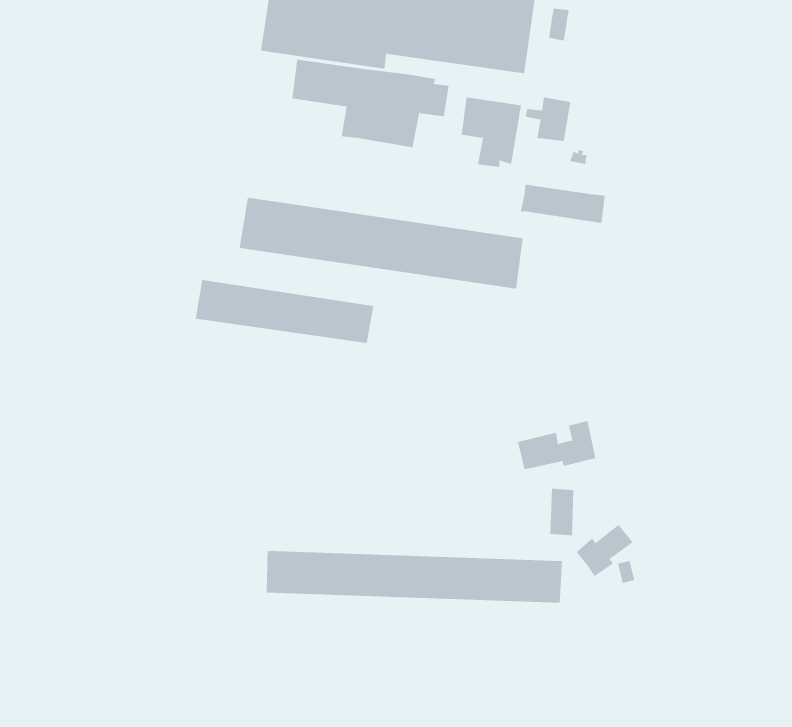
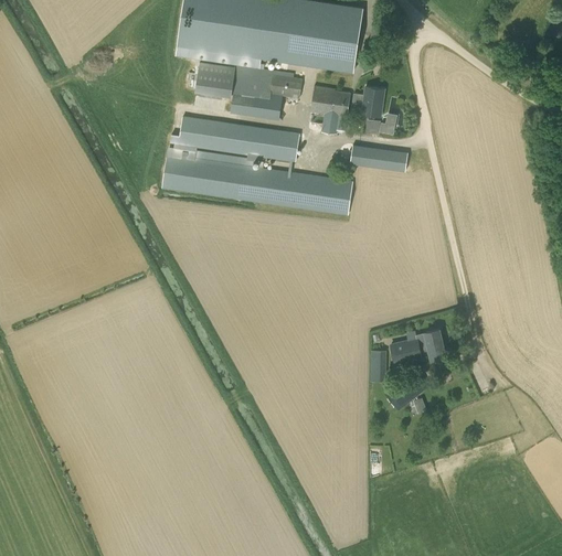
building: [195,279,374,344] -> [180,117,300,160]
building: [517,421,596,470] -> [391,330,444,363]
building: [266,550,563,603] -> none

